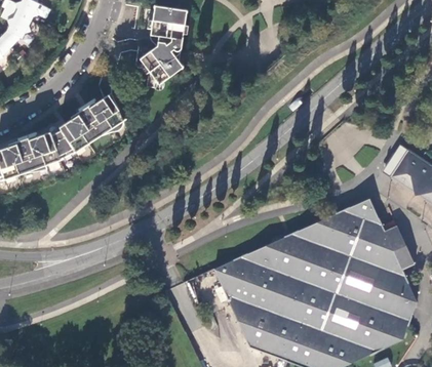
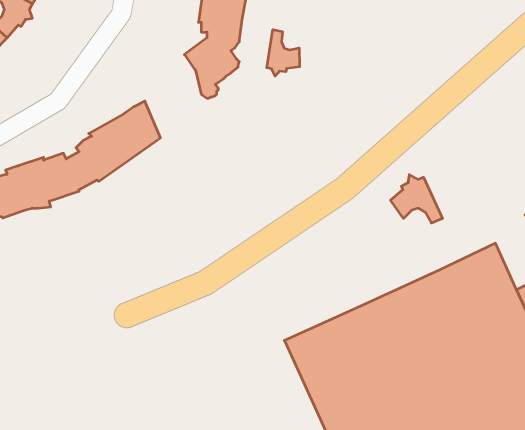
building: none -> [267,30,300,76]
building: none -> [391,175,442,223]

